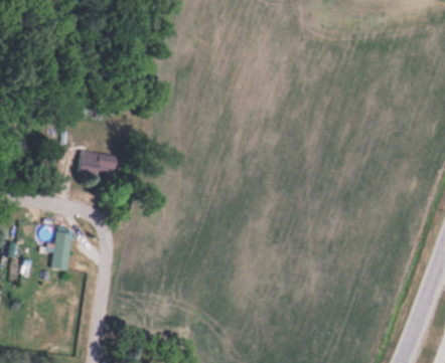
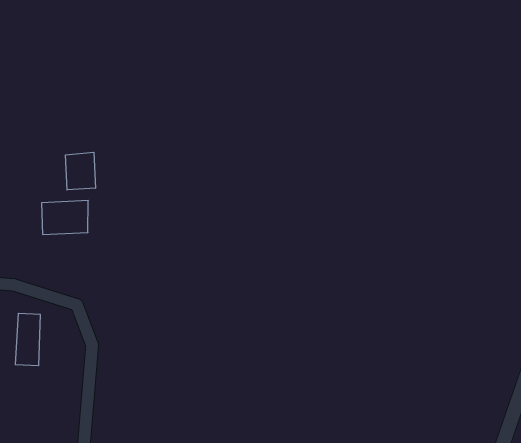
building: none -> [66,152,95,190]

